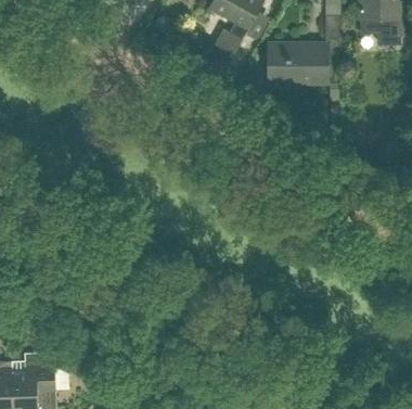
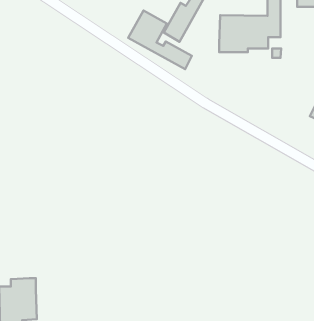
building: none -> [128,10,192,69]

